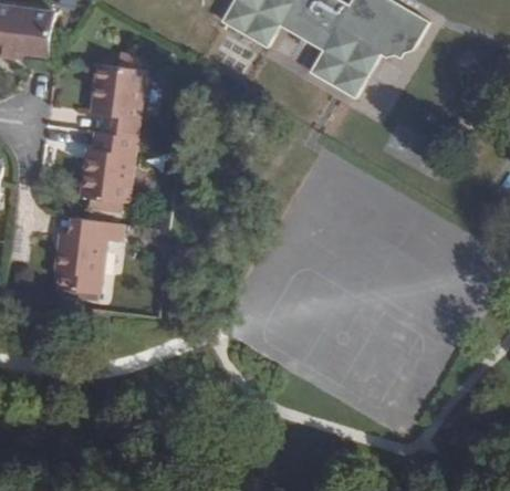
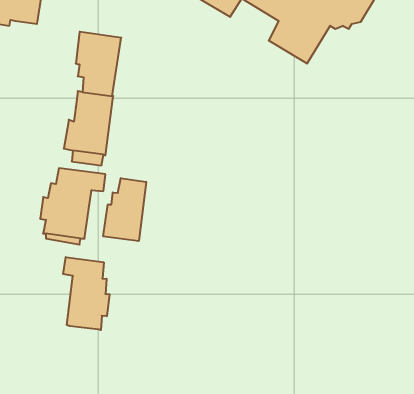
building: none -> [103,178,146,241]
building: none -> [63,257,110,330]

